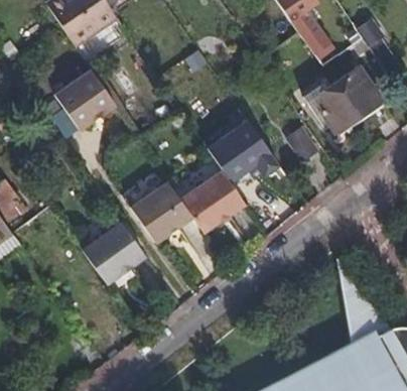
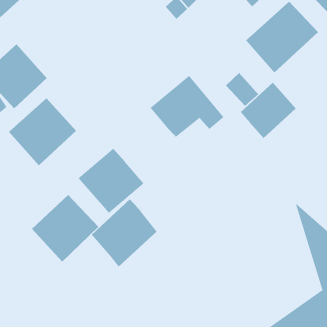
building: none -> [8,98,77,166]
building: none -> [240,82,296,139]
building: [179,168,244,233] -> [91,199,158,268]

